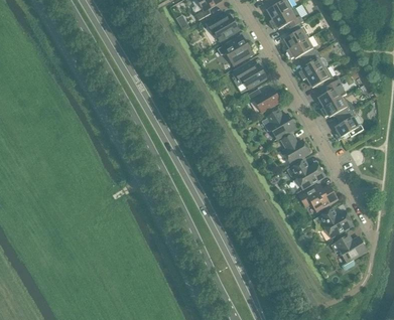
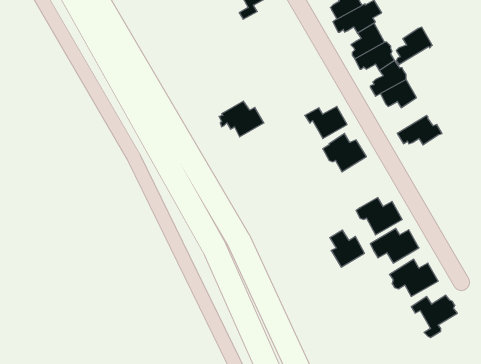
building: [206,11,238,40] -> none
building: [217,34,252,64] -> none
building: [231,60,266,89] -> [219,101,264,137]
building: [317,79,346,109] -> [396,27,432,65]
building: [335,110,363,140] -> none
building: [281,134,308,163] -> [330,230,364,267]

